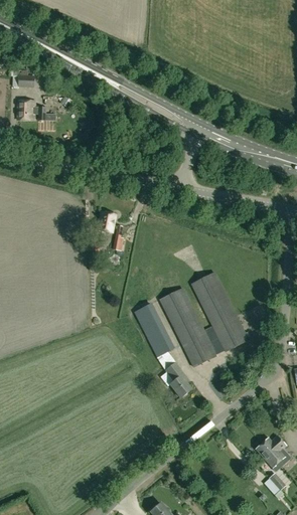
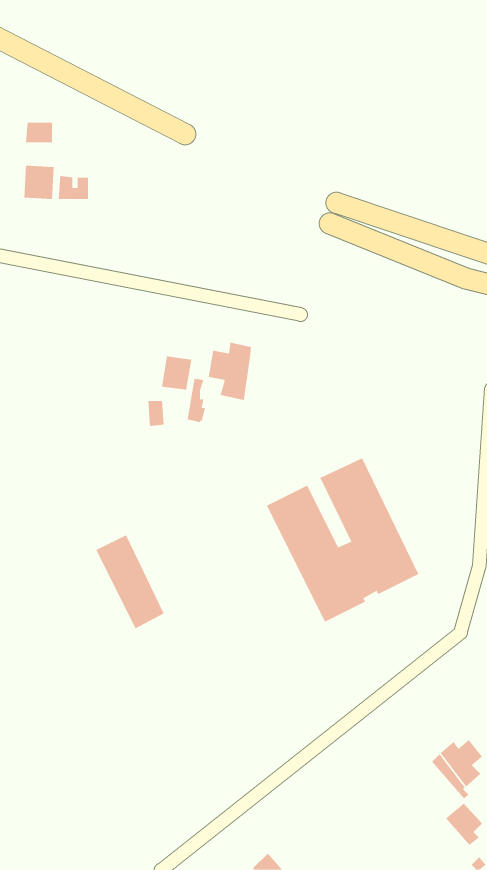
building: none -> [208,342,252,401]
building: [134,302,174,357] -> [96,534,164,629]
building: [166,362,191,396] -> none

